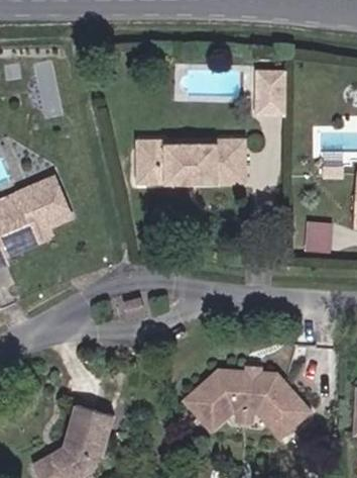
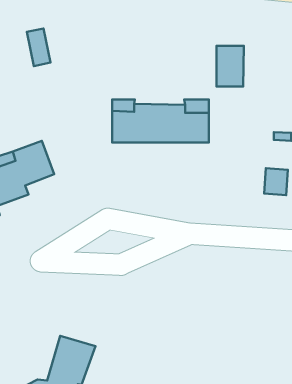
building: [180,369,312,442] -> none

